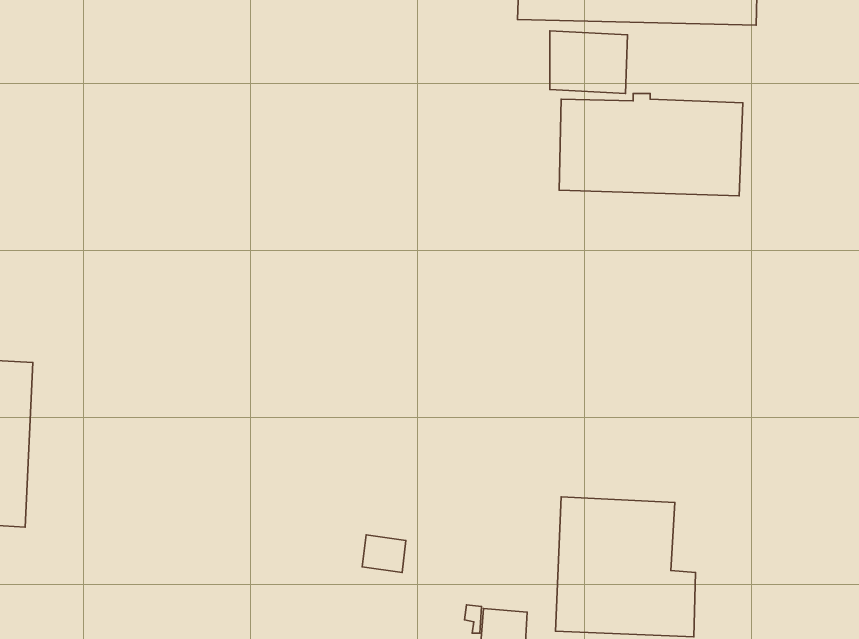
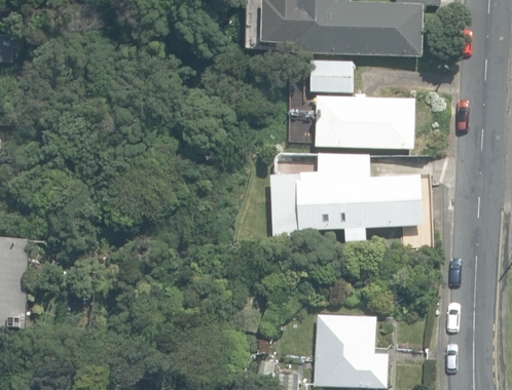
building: none -> [270,154,423,240]

